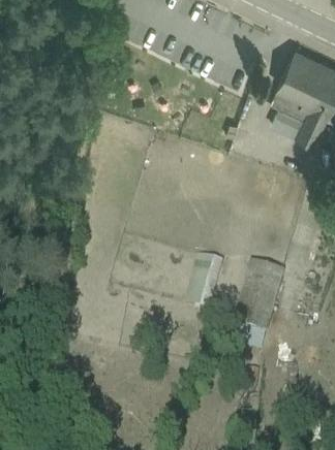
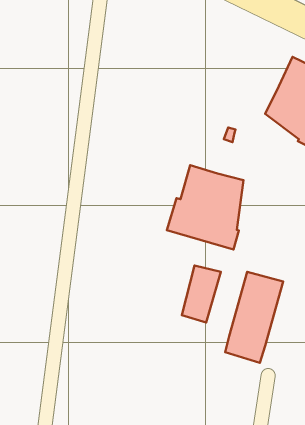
building: none -> [167,165,243,250]

